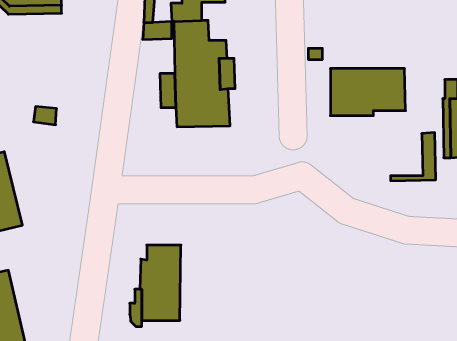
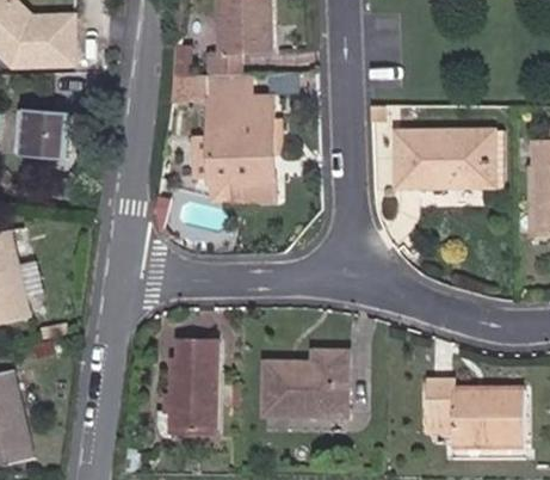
building: none -> [17,106,68,159]
building: [391,133,436,181] -> [446,129,500,186]
building: none -> [265,351,346,414]
building: none -> [430,380,524,444]

